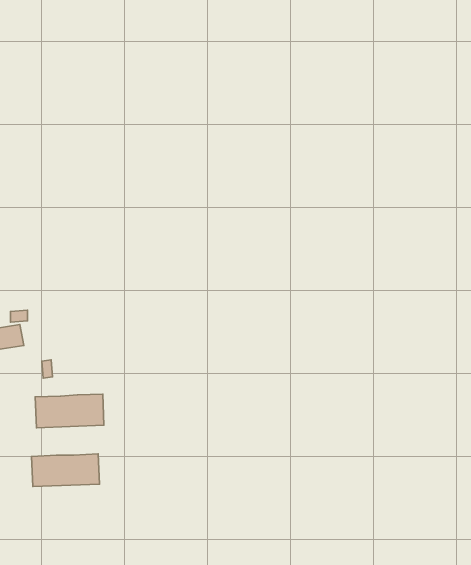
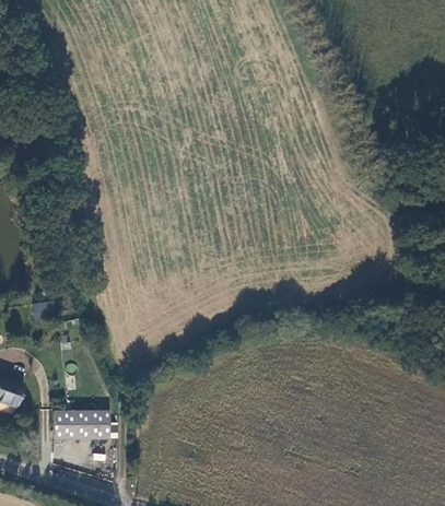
building: [35,394,104,428] -> none

